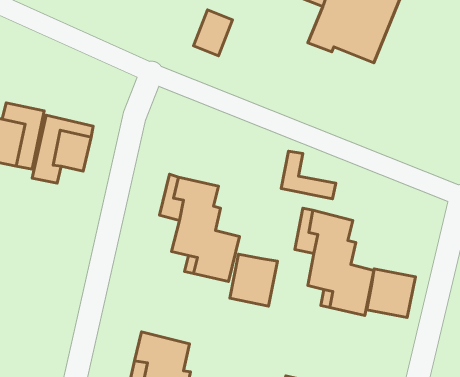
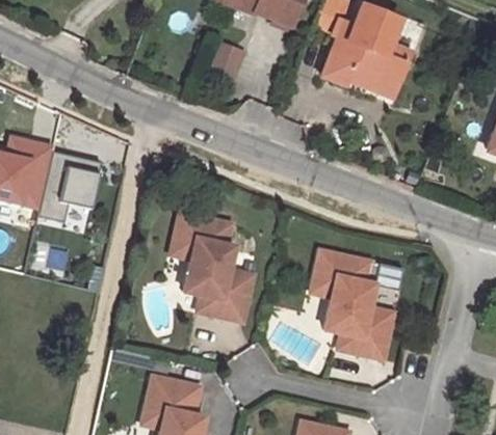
building: [281,151,336,199] -> none
building: [230,254,277,306] -> none
building: [367,269,415,318] -> none

